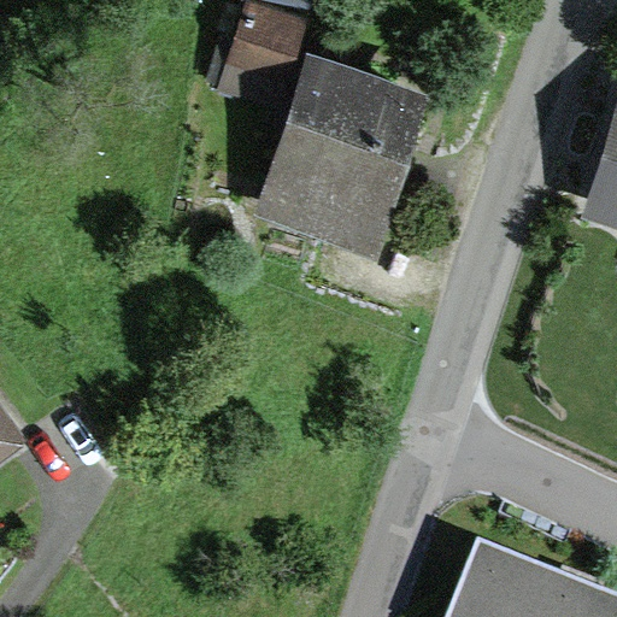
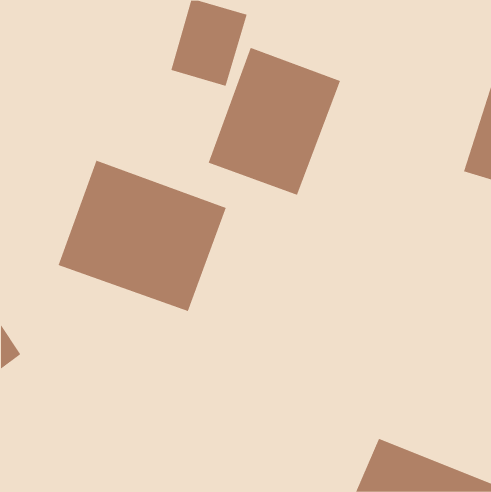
building: none -> [58,160,226,312]

